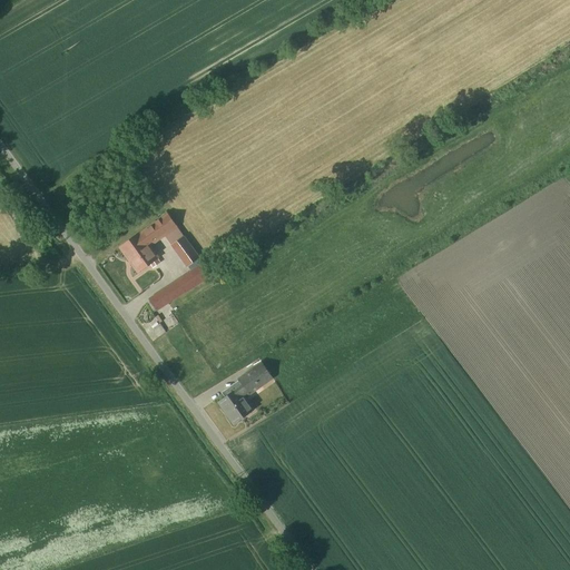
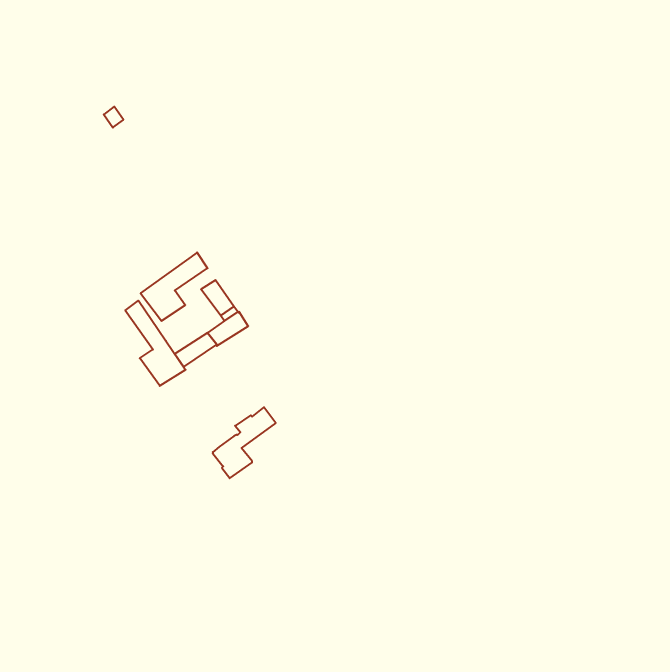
building: none -> [125,301,186,386]
building: [218,364,272,424] -> [213,407,276,478]

